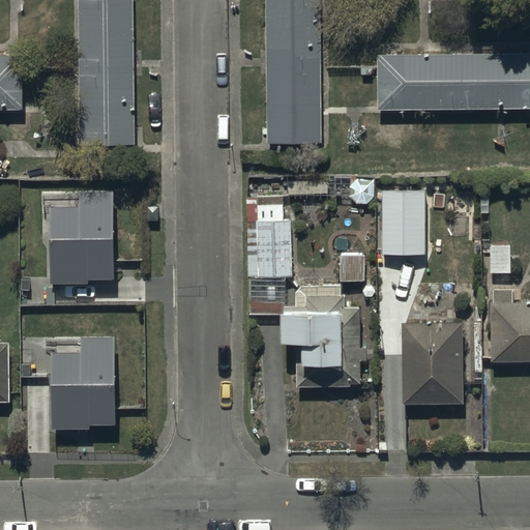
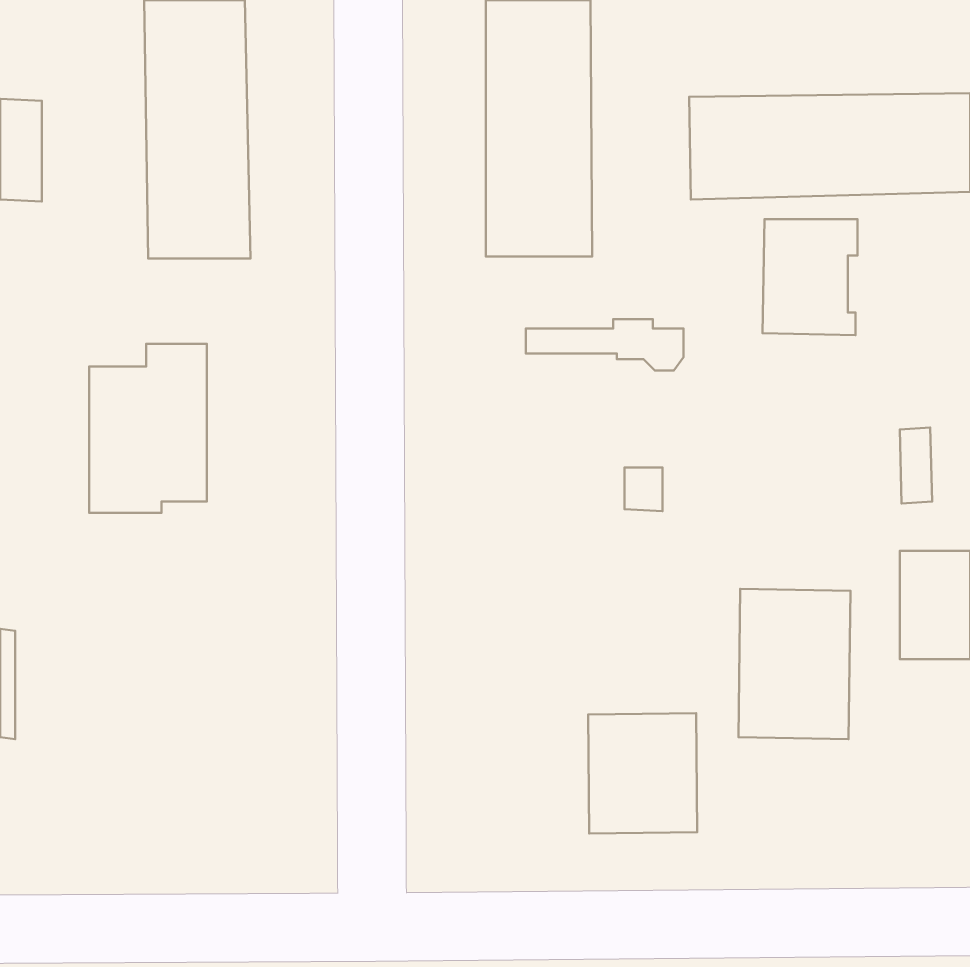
building: [382,193,434,256] -> [763,219,857,335]
building: [247,200,360,387] -> none
building: [52,334,116,426] -> none
building: none -> [588,713,697,834]

